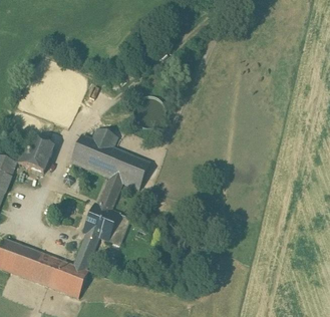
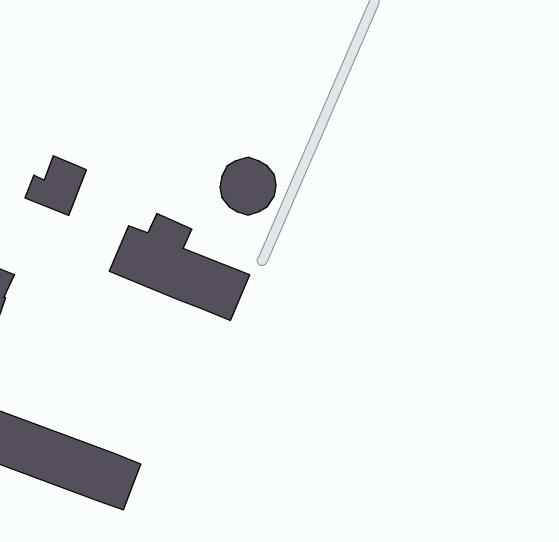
building: [18,137,53,172] -> [25,156,86,215]
building: [73,176,131,269] -> none

